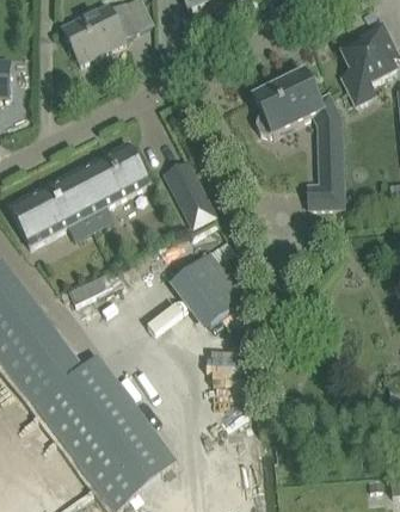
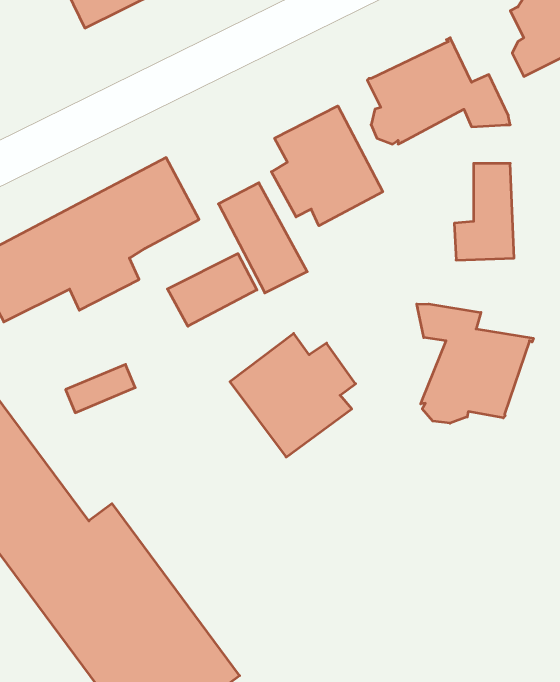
building: none -> [271,106,383,226]
building: none -> [167,254,257,326]
building: none -> [417,304,533,423]

